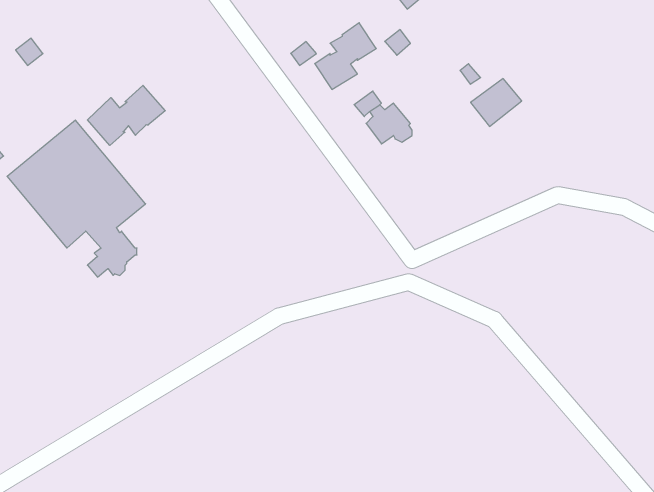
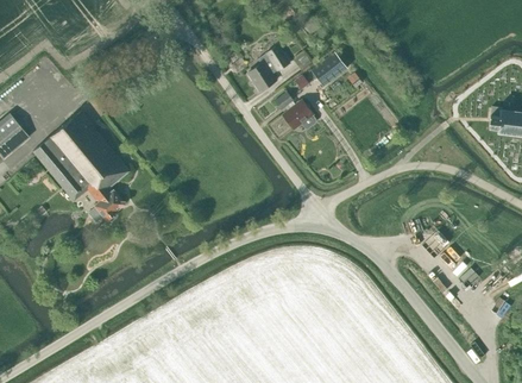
building: [471,79,522,126] -> [310,54,346,87]
building: [87,85,165,145] -> none

